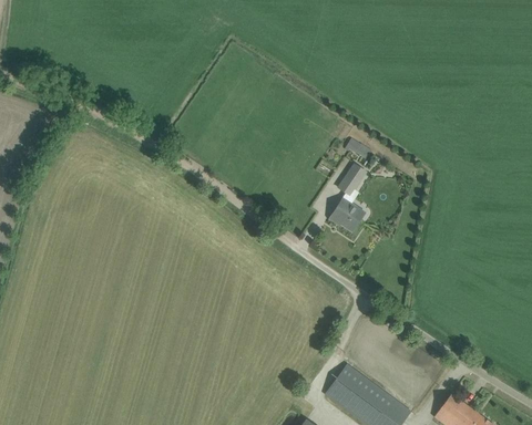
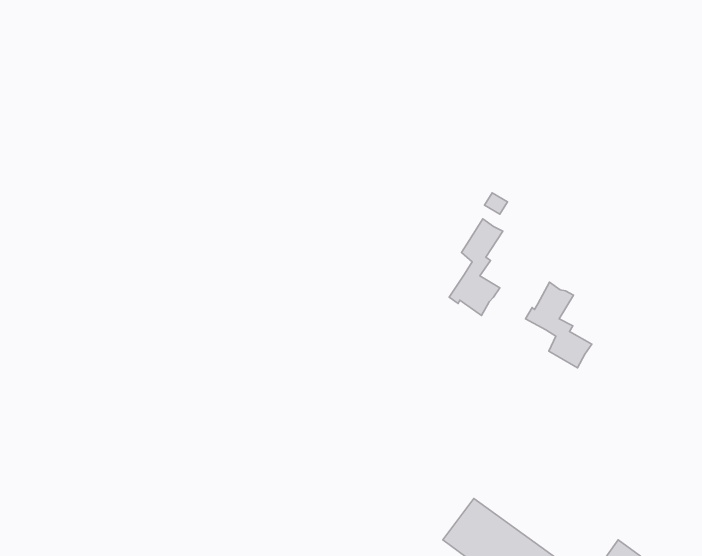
building: none -> [526,282,592,368]

